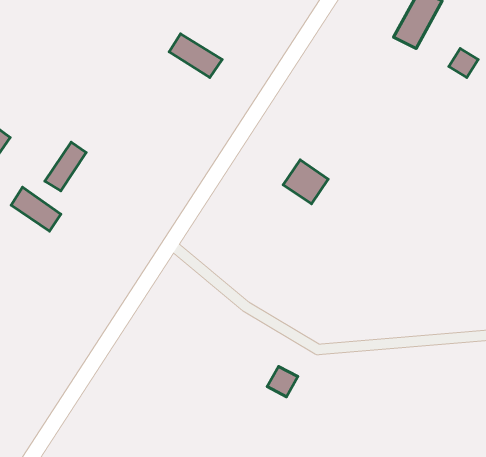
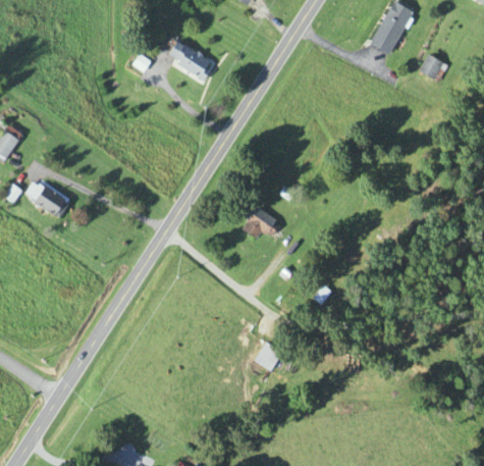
building: [45,142,86,191] -> none
building: [283,160,328,204] -> [239,204,280,244]

